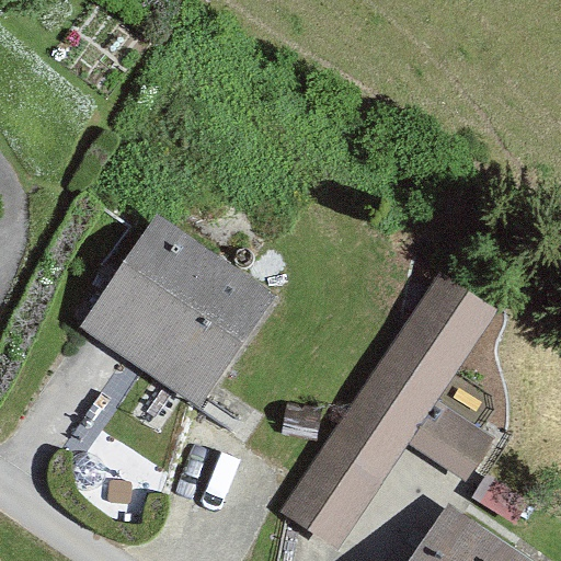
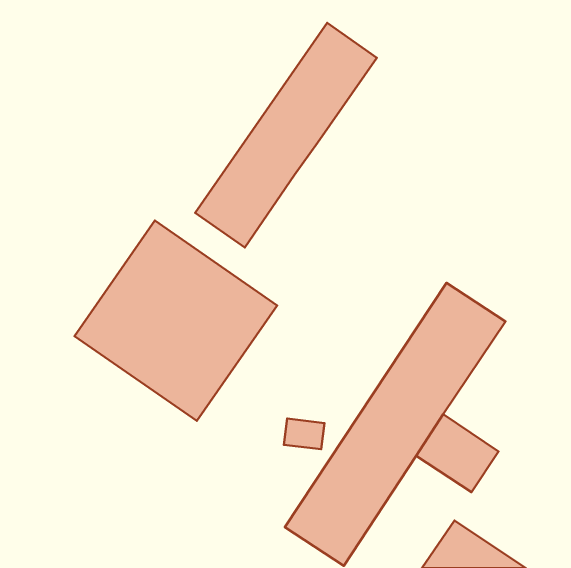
building: none -> [195,23,377,248]

